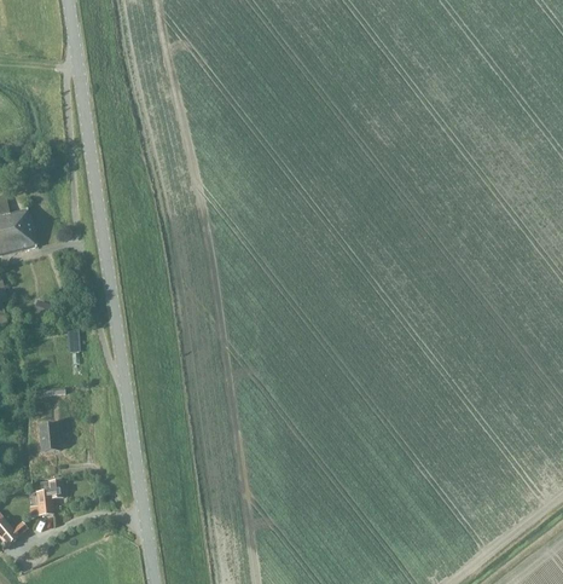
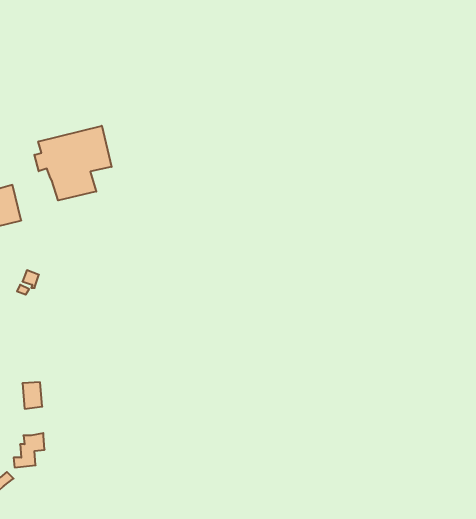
building: none -> [34,126,112,200]

